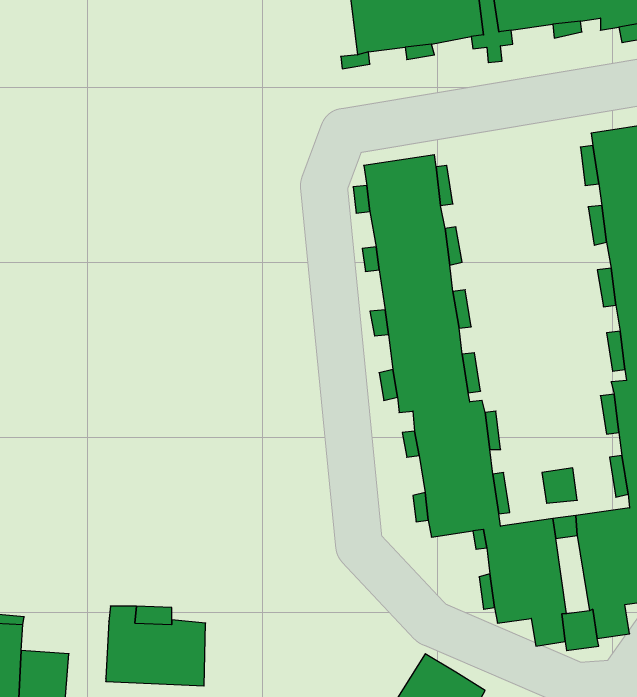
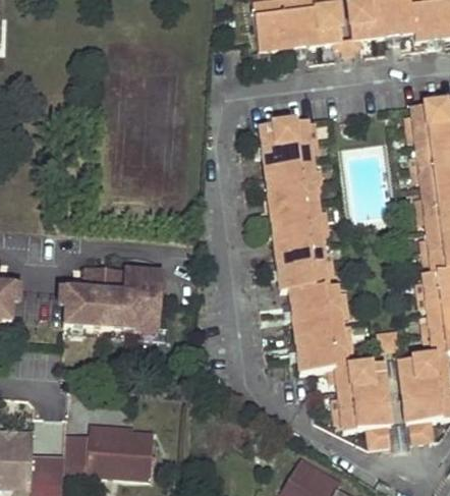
building: none -> [62,263,162,329]
building: none -> [65,430,90,470]

